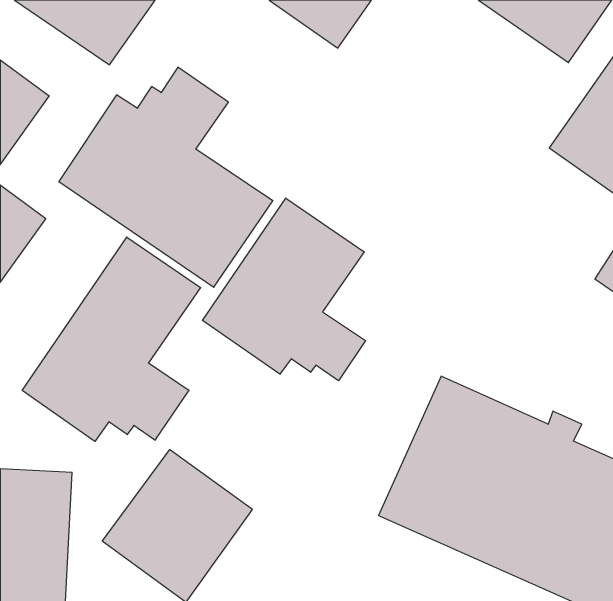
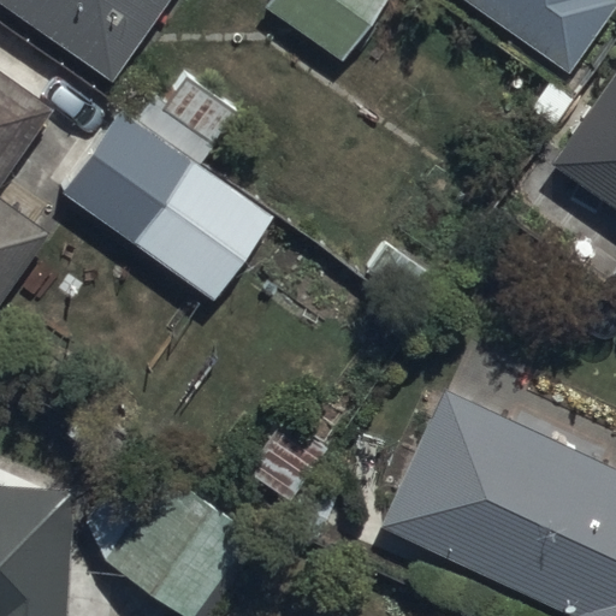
building: [202,198,365,381] -> none
building: [22,237,201,441] -> none

